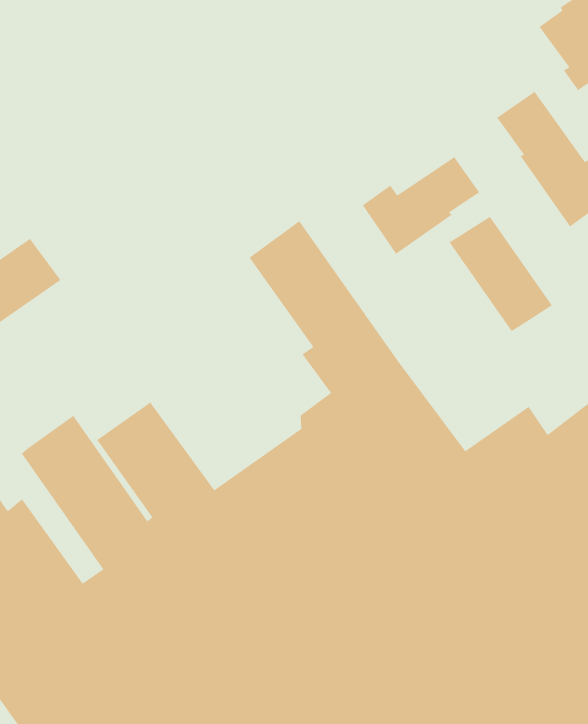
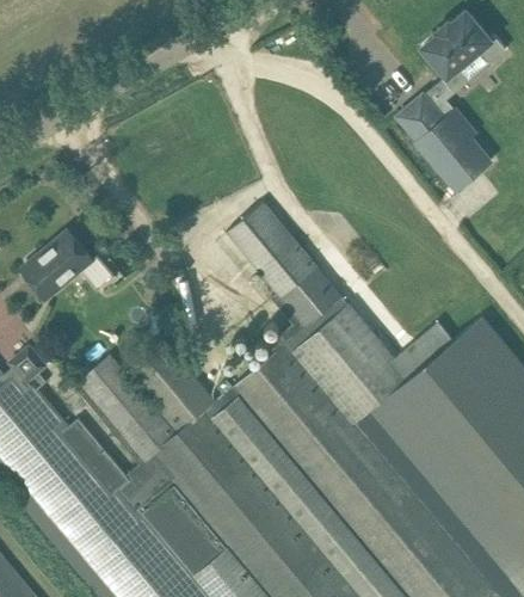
building: [362,156,480,255] -> none
building: [449,216,553,332] -> none

